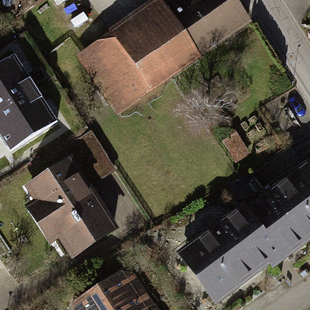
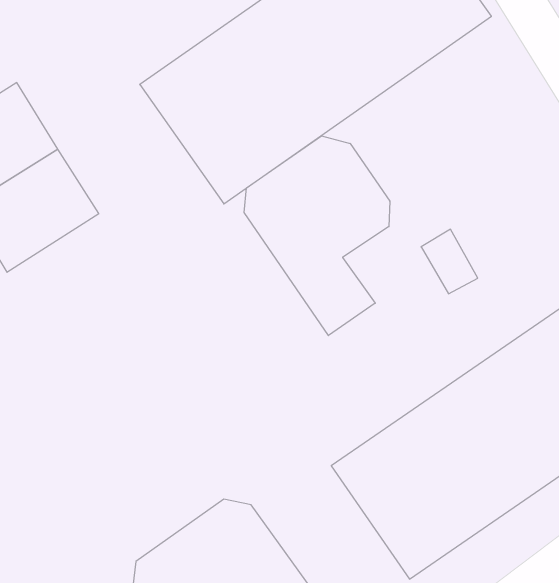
building: none -> [244,136,390,336]
building: [24,158,118,258] -> none

